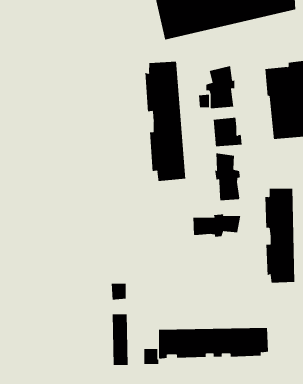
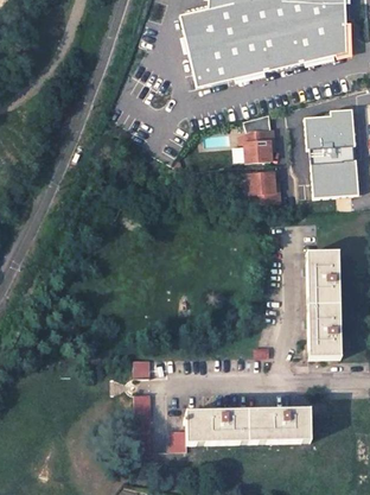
building: [145,61,186,182] -> none
building: [215,153,240,201] -> none
building: [193,214,241,237] -> none

